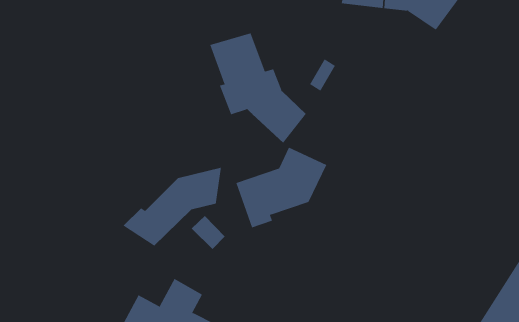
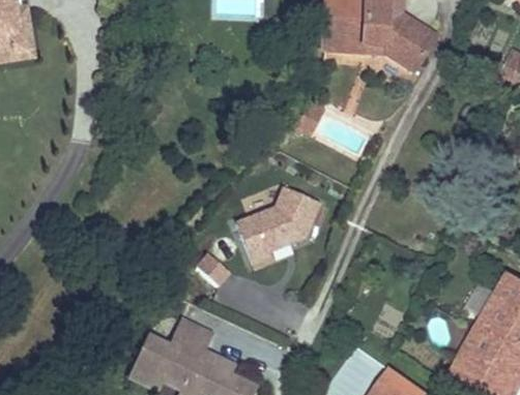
building: [209,32,306,143] -> none
building: [123,167,221,247] -> none

